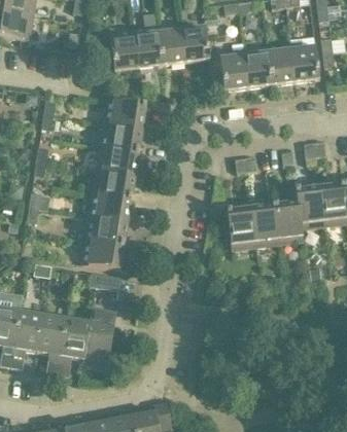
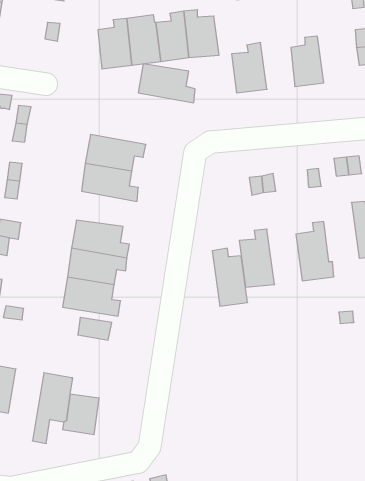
building: [290,42,320,81] -> none
building: [244,47,272,86] -> none
building: [105,100,151,132] -> [138,64,195,103]
building: [94,170,143,199] -> none
building: [296,179,324,227] -> none
building: [249,199,278,246] -> [212,248,248,306]
building: [89,307,117,338] -> none
building: [38,315,67,373] -> none

